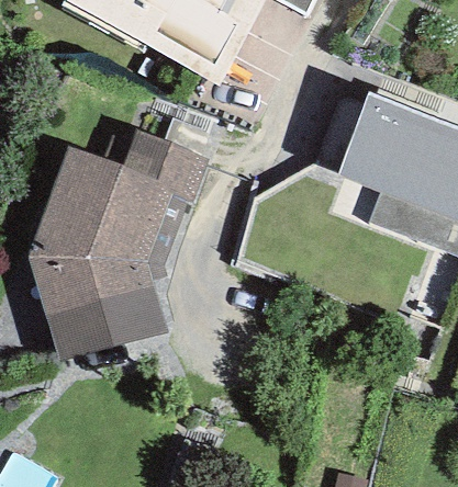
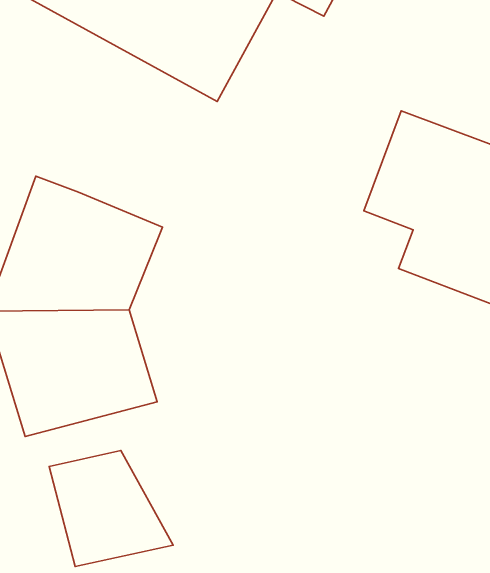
building: [103,122,210,202] -> none
building: none -> [49,451,173,566]

